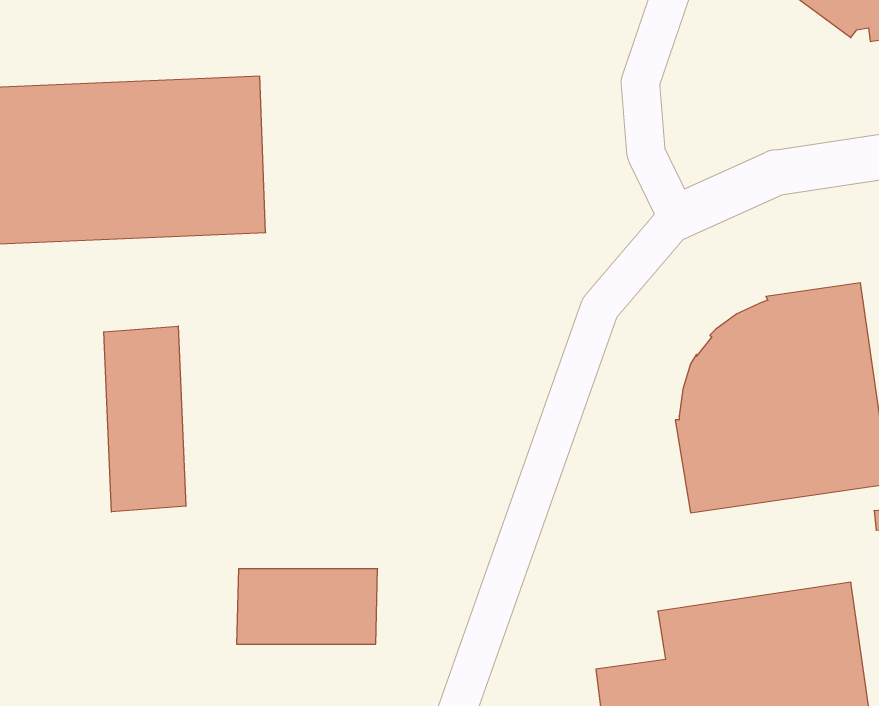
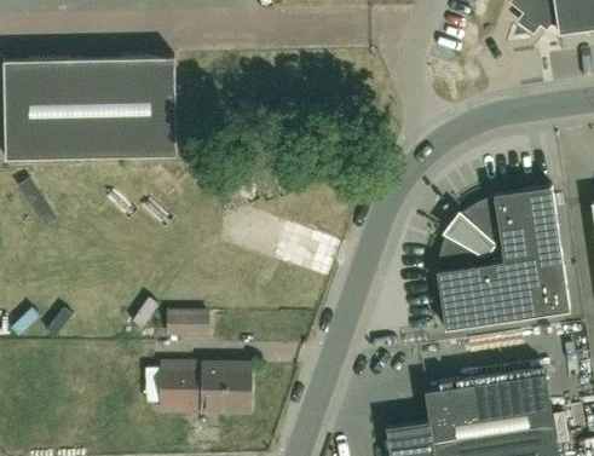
building: [104,326,186,512] -> none
building: none -> [162,312,208,335]

